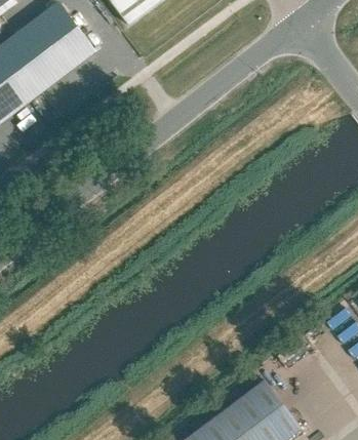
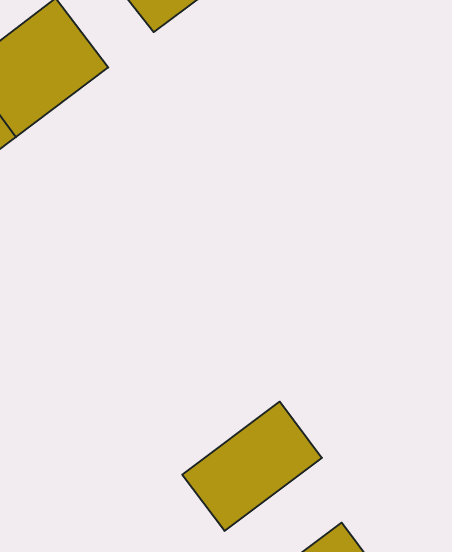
building: none -> [182,402,322,531]

